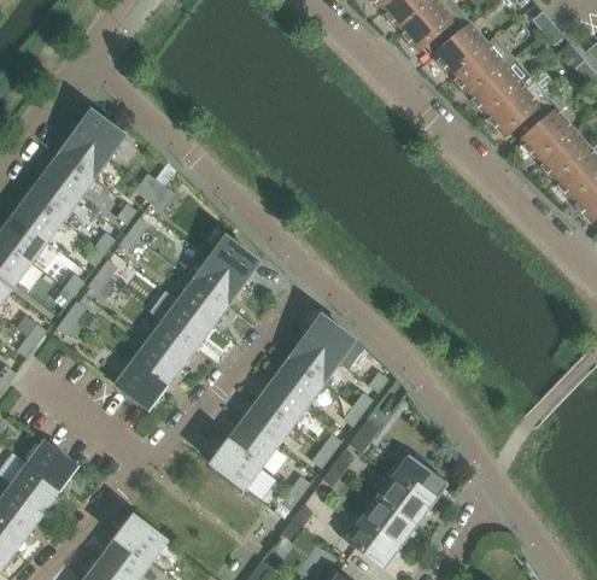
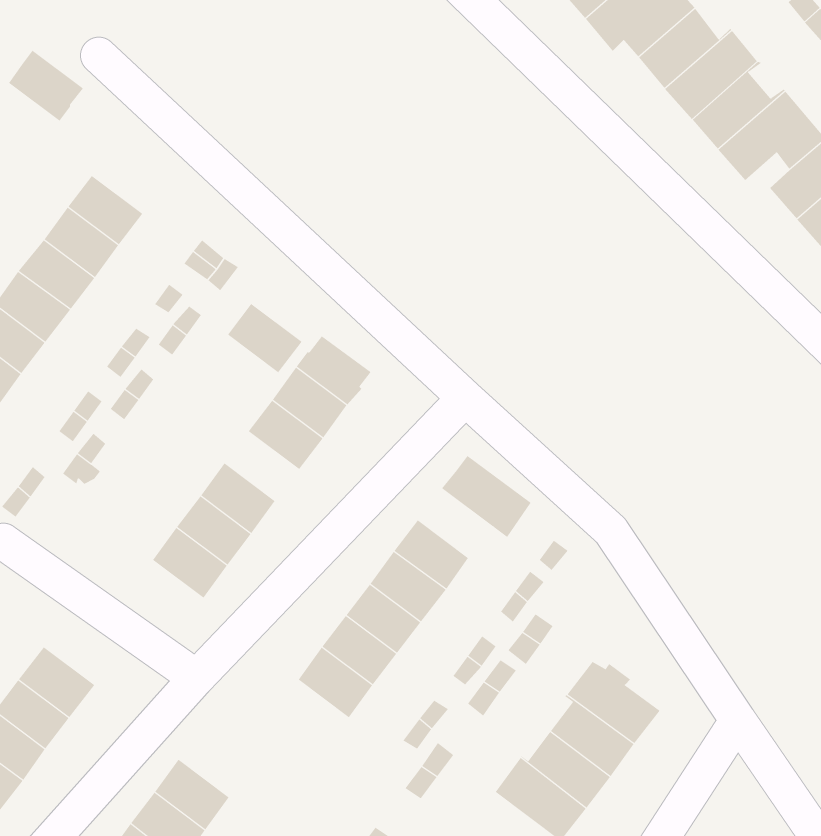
building: [76,110,125,157] -> [8,50,84,122]
building: [163,299,212,345] -> [227,303,303,373]
building: [289,336,339,382] -> none

